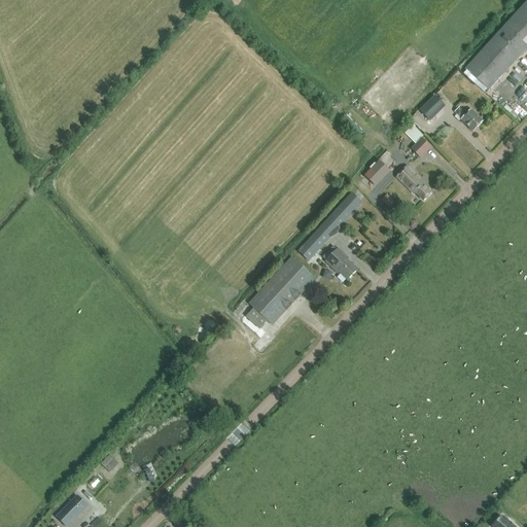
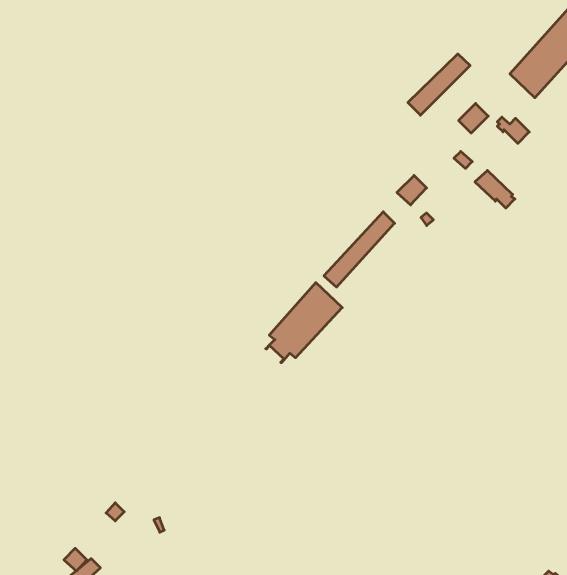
building: none -> [408,54,470,115]
building: [395,166,431,200] -> [475,170,515,208]
building: [323,248,357,280] -> none

